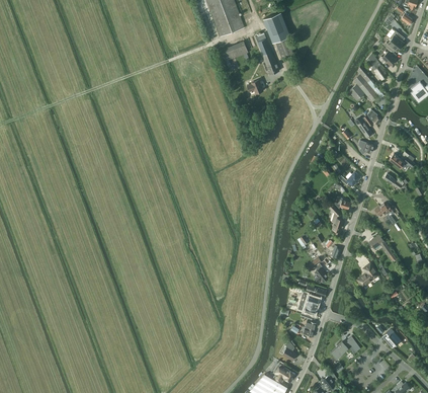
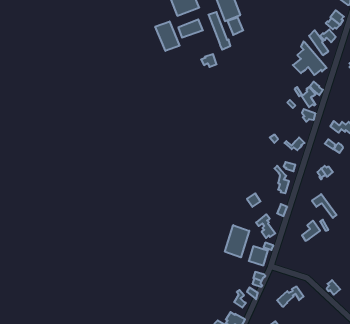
building: none -> [155,21,180,51]
building: none -> [225,225,249,257]

